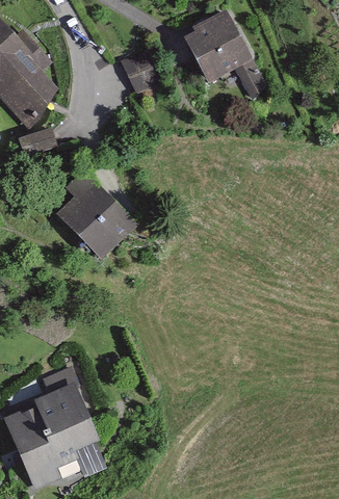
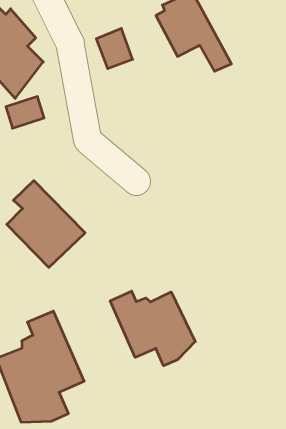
building: [56,164,144,261] -> [7,181,85,267]
building: none -> [110,291,195,366]

